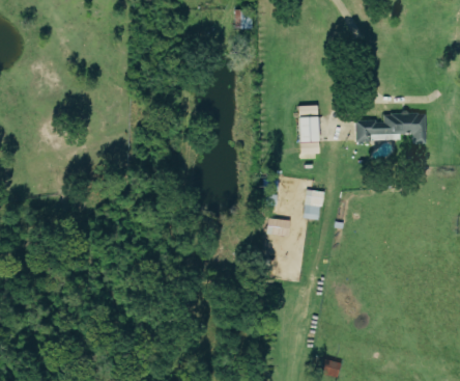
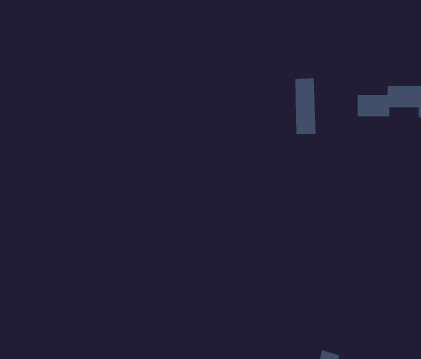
building: [304,190,324,220] -> none

